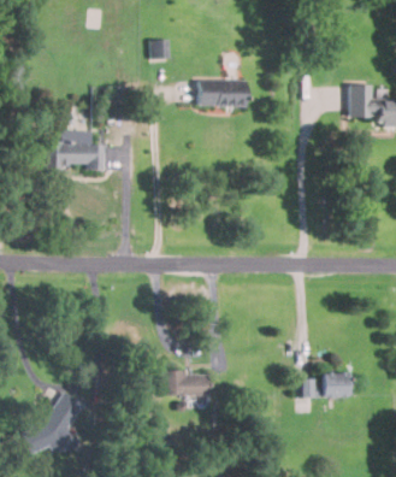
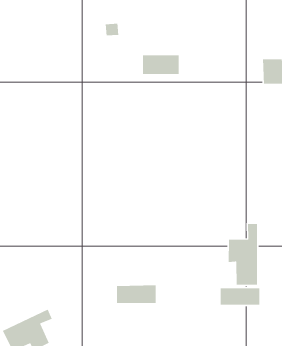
building: [58,130,107,169] -> none
building: none -> [228,223,258,286]

